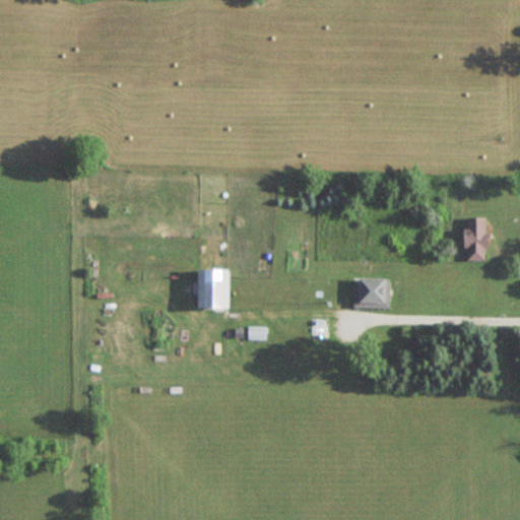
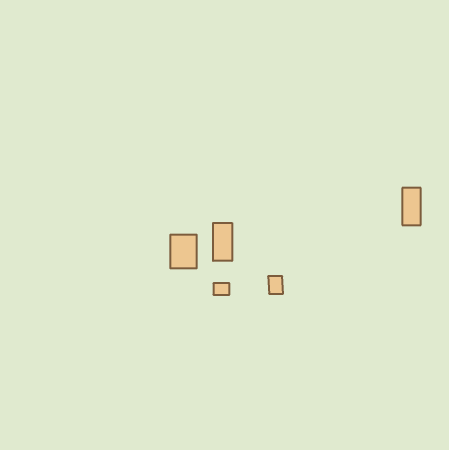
building: none -> [213,223,232,261]
building: [354,278,389,308] -> none

